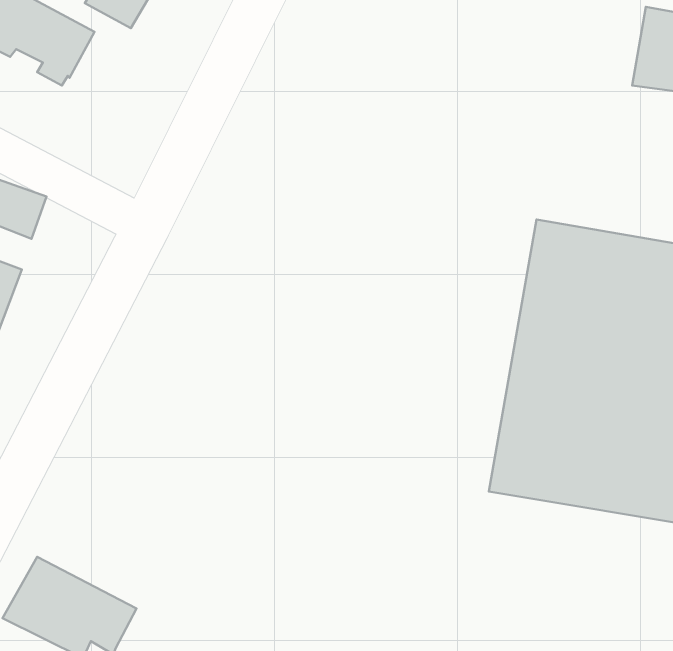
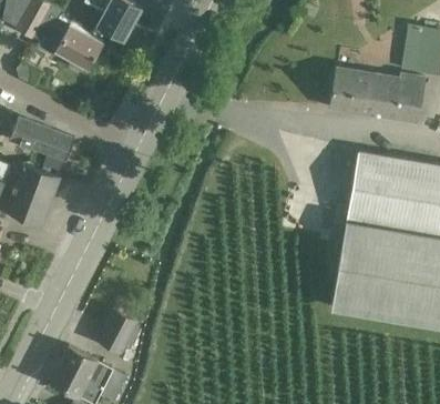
building: none -> [328,70,424,125]
building: none -> [95,309,139,356]

